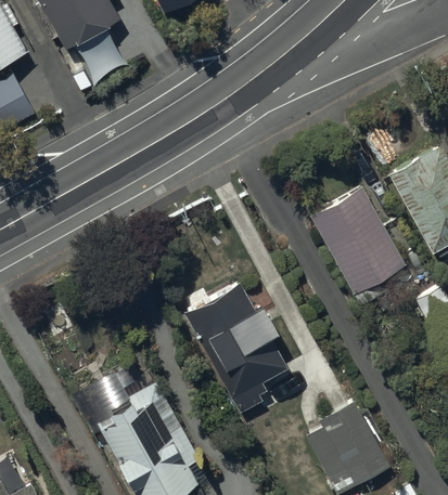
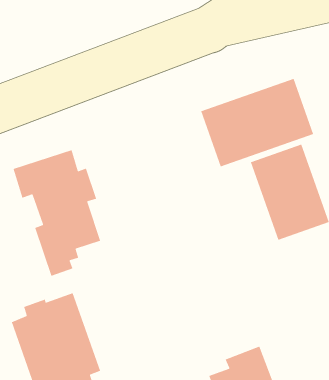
building: none -> [200,78,314,168]
building: [182,278,284,412] -> [13,149,101,277]

